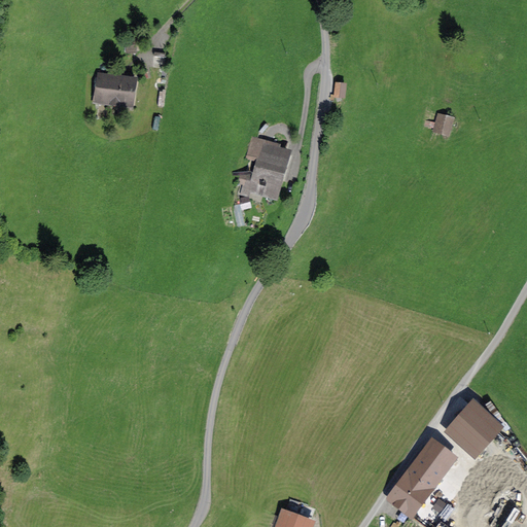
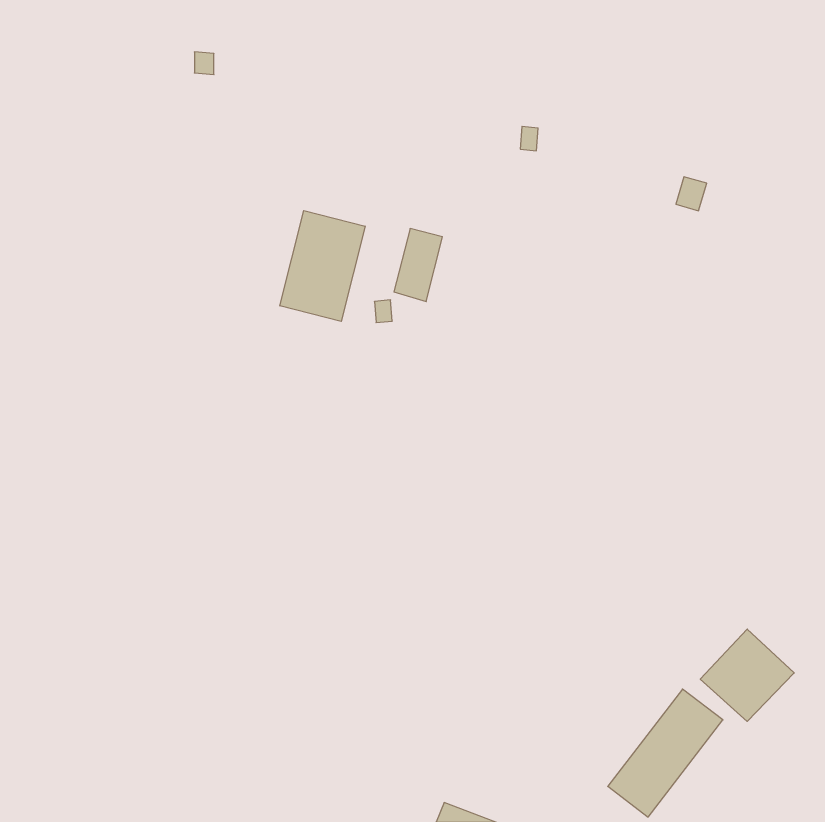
building: [97,73,131,101] -> none
building: none -> [280,211,365,321]

